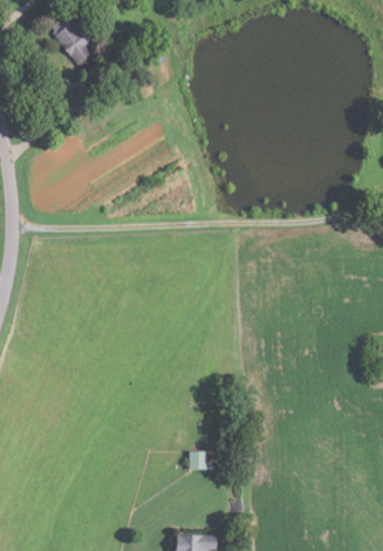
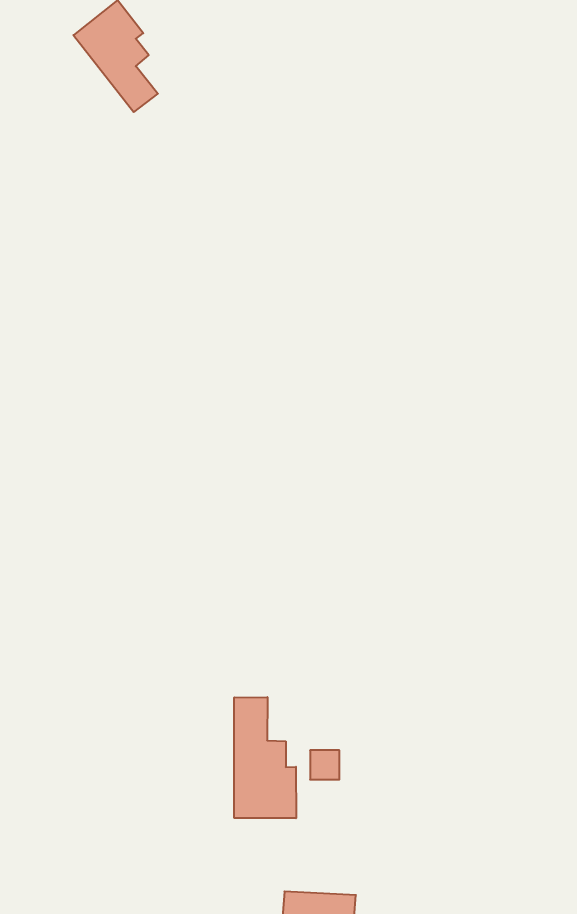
building: none -> [234,697,296,818]

